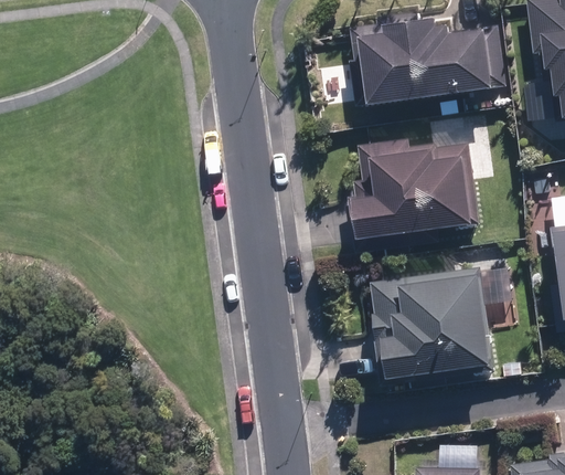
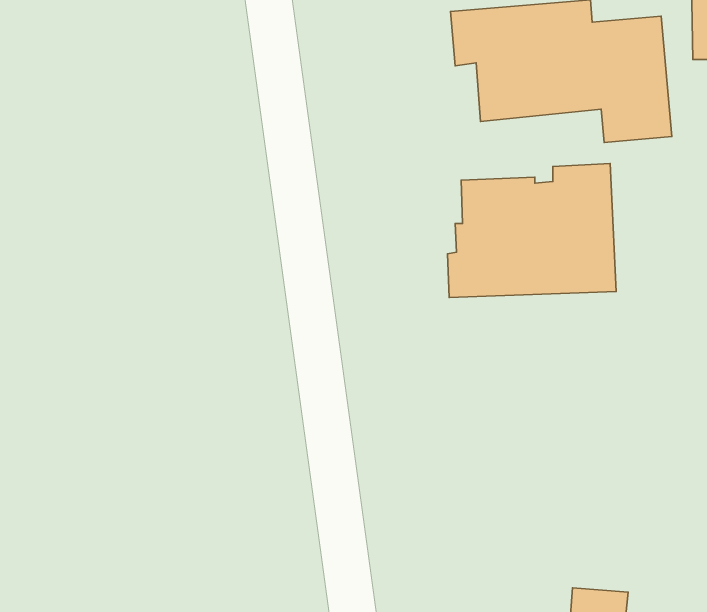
building: [369,268,497,378] -> none

